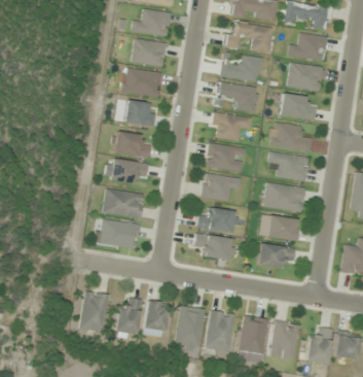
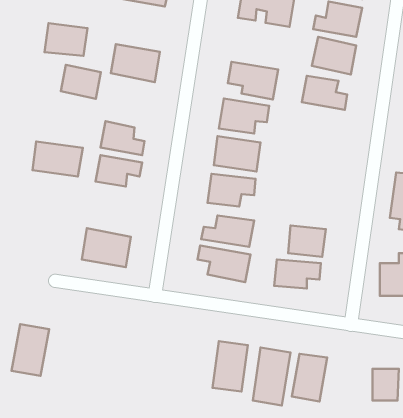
building: [132,38,167,65] -> [45,23,87,56]
building: [220,54,262,81] -> none
building: [123,99,156,127] -> [61,65,101,99]
building: [270,122,312,152] -> none
building: [268,151,308,181] -> none
building: [263,182,304,211] -> none
building: [103,188,144,217] -> [32,141,83,177]
building: [79,290,110,333] -> [12,324,49,376]
building: [116,298,141,334] -> none
building: [145,302,167,335] -> none
building: [176,305,205,349] -> none
building: [306,327,332,365] -> none

